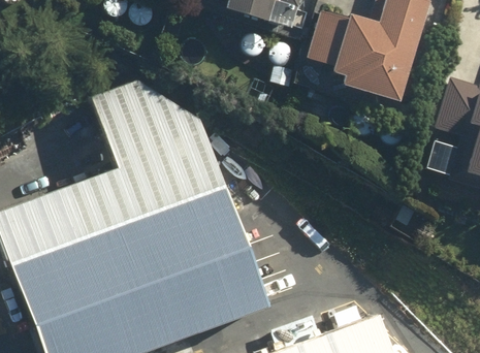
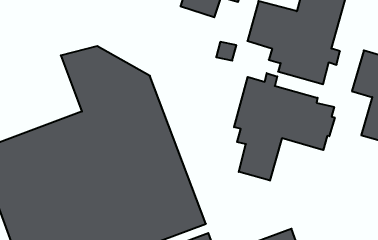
building: none -> [234,73,335,181]

